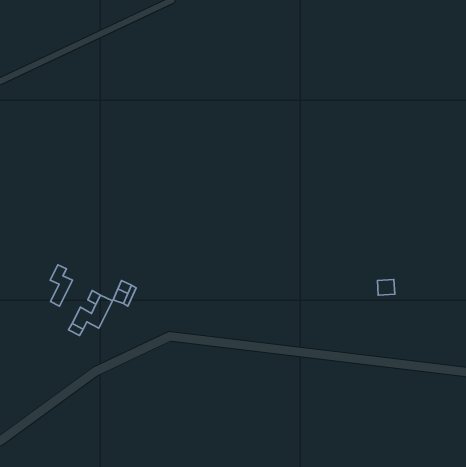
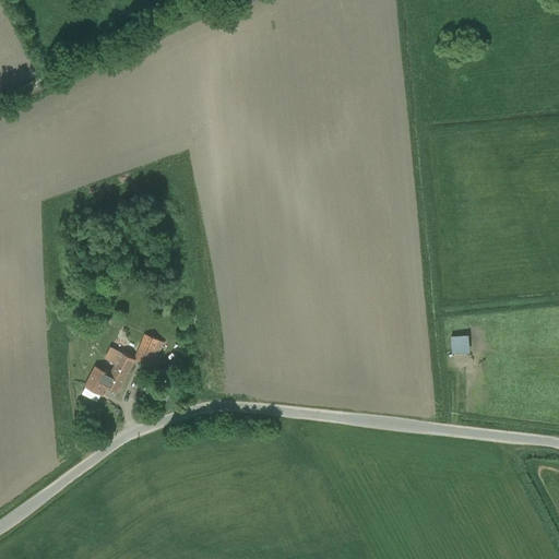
building: [50,265,73,306] -> none

